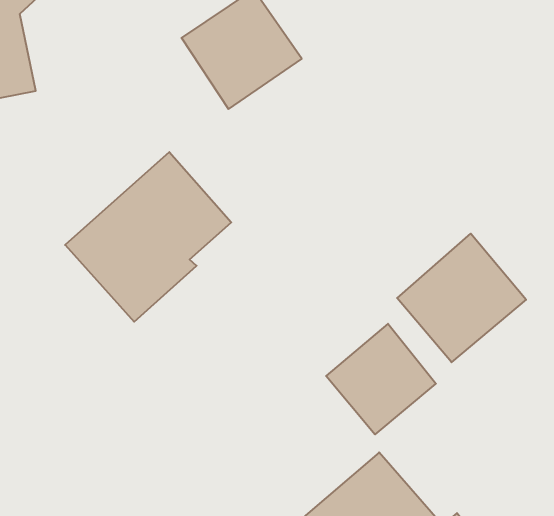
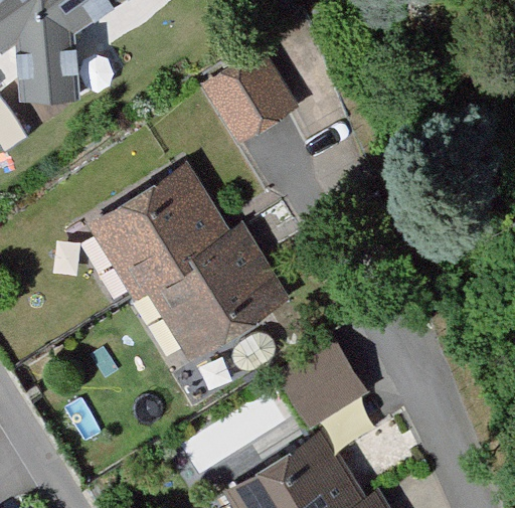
building: none -> [144,223,286,361]
building: [397,234,526,362] -> none

